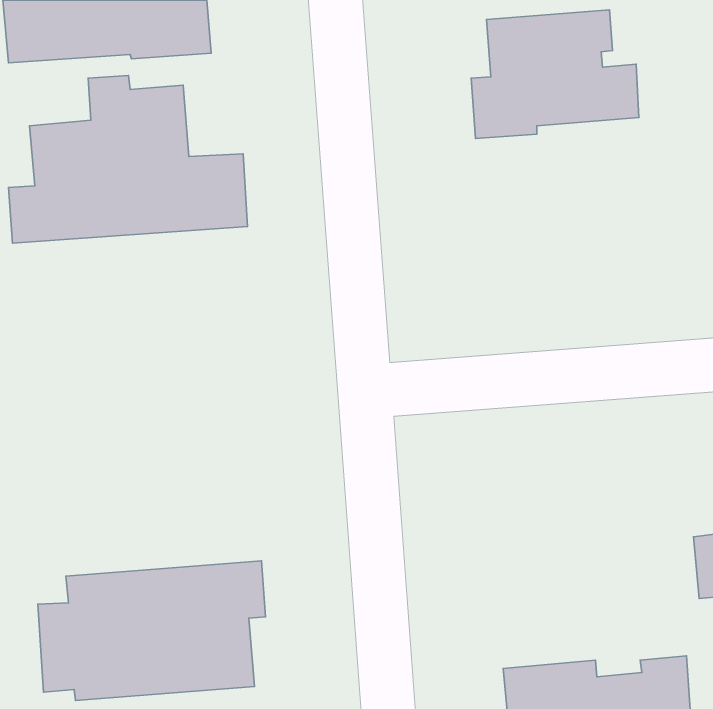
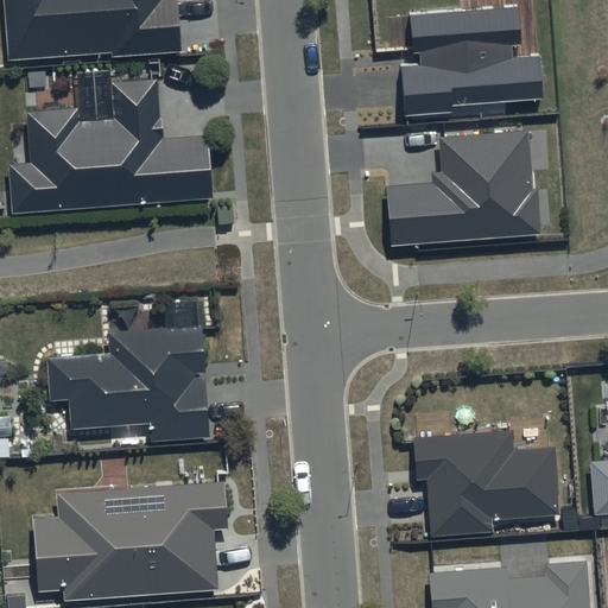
building: none -> [387,131,540,243]
building: none -> [48,325,209,439]
building: none -> [413,432,557,534]

